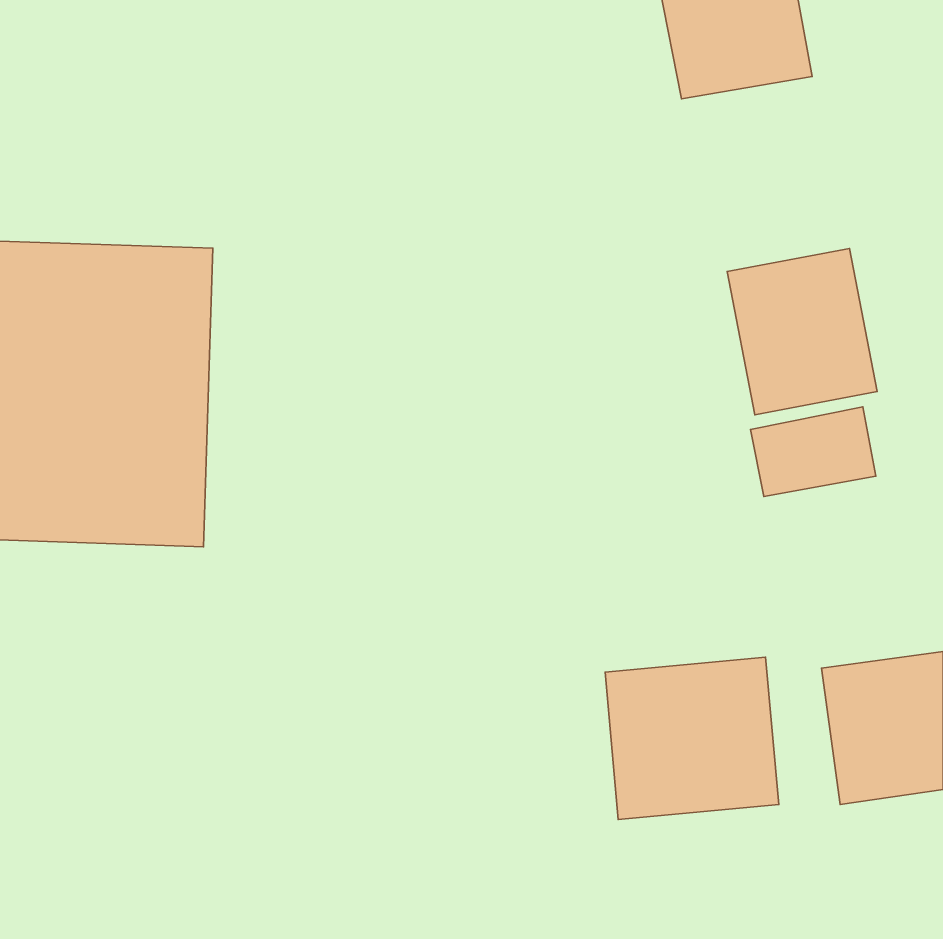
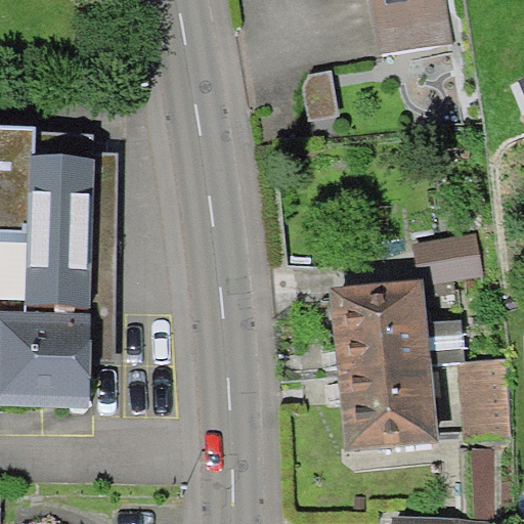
building: [727,249,877,415] -> none
building: none -> [323,281,420,368]
building: none -> [4,318,95,409]

